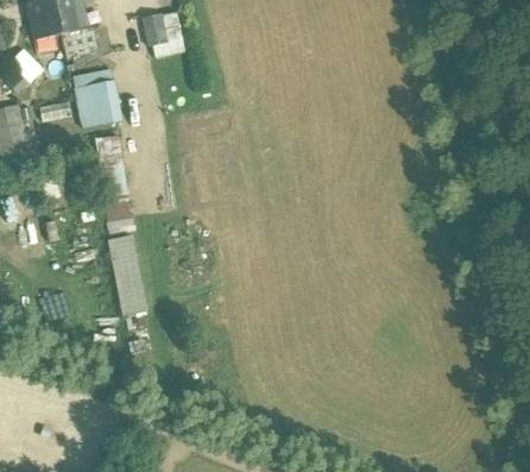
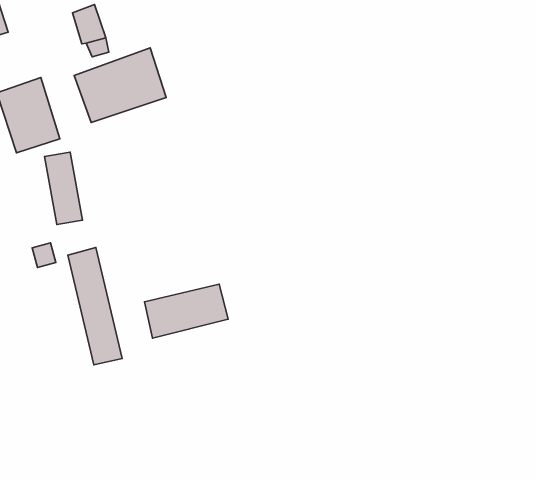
building: none -> [74,48,166,123]
building: none -> [145,284,228,338]

